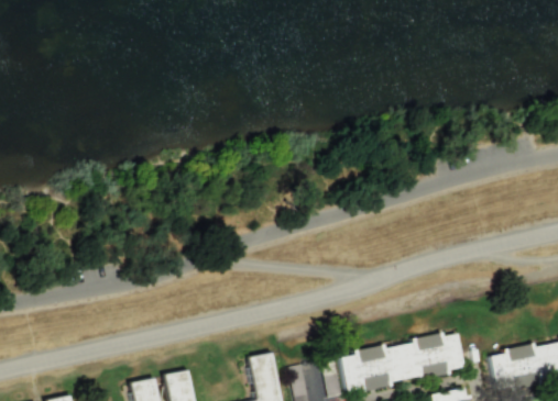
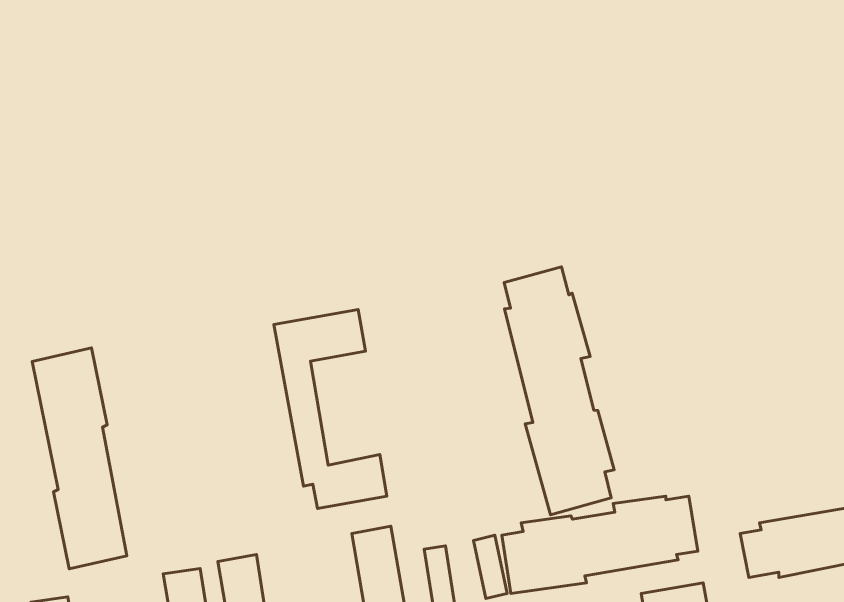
building: none -> [504,267,614,515]
building: none -> [274,310,387,508]
building: none -> [32,348,127,569]

